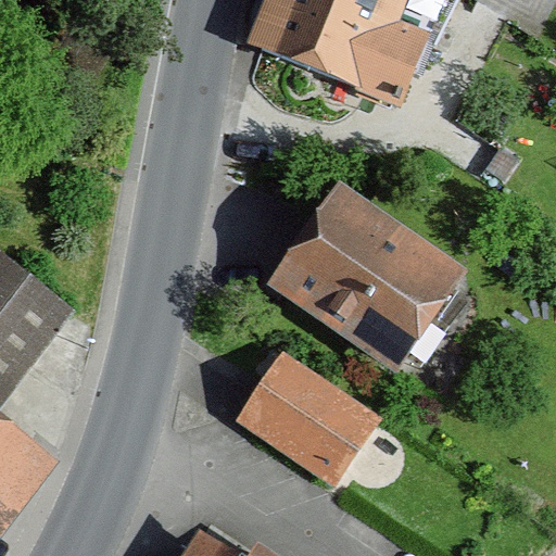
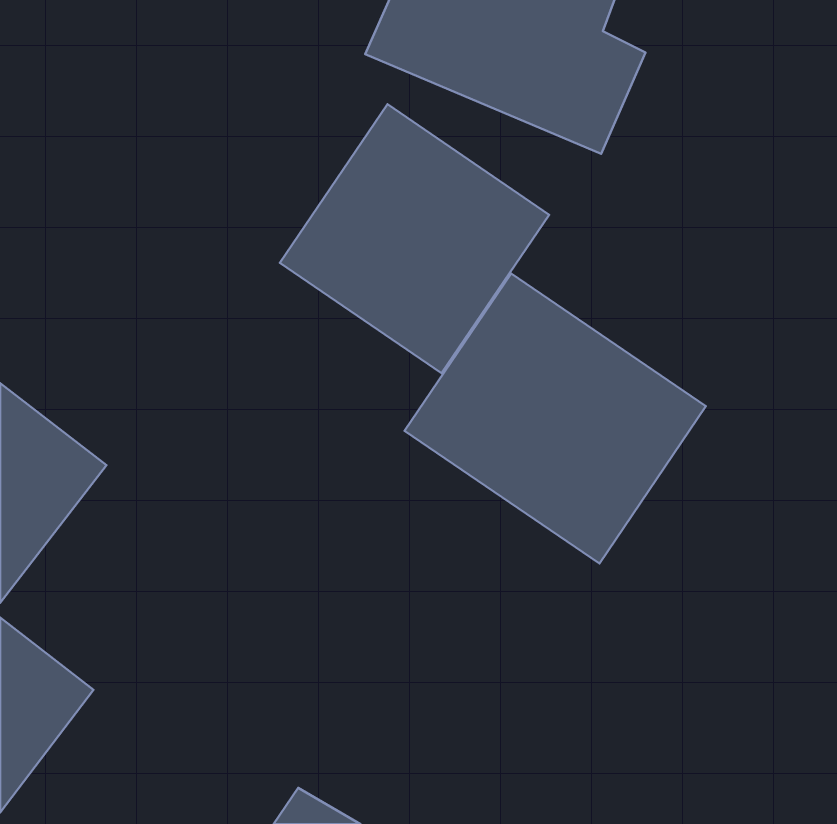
building: none -> [280,104,549,373]
building: [231,351,380,488] -> none

